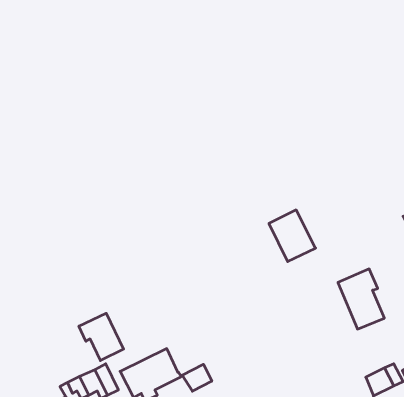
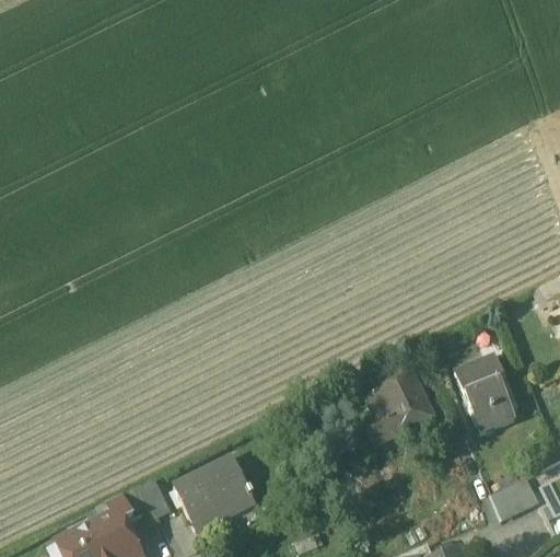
building: [269,210,316,262] -> [375,367,435,433]
building: [79,313,124,361] -> none
building: [182,364,212,391] -> none

